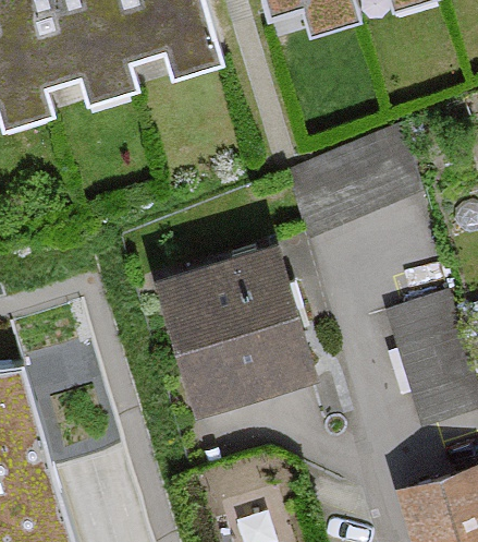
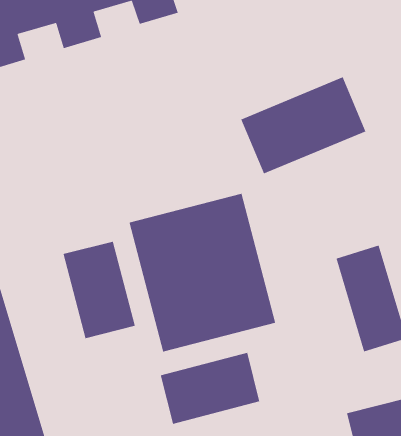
building: none -> [62,241,136,339]
building: none -> [160,352,260,425]

